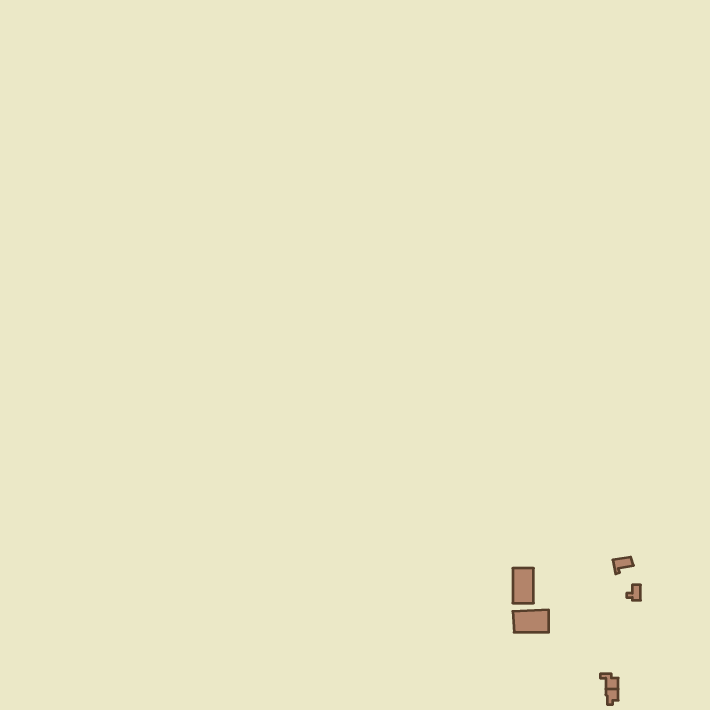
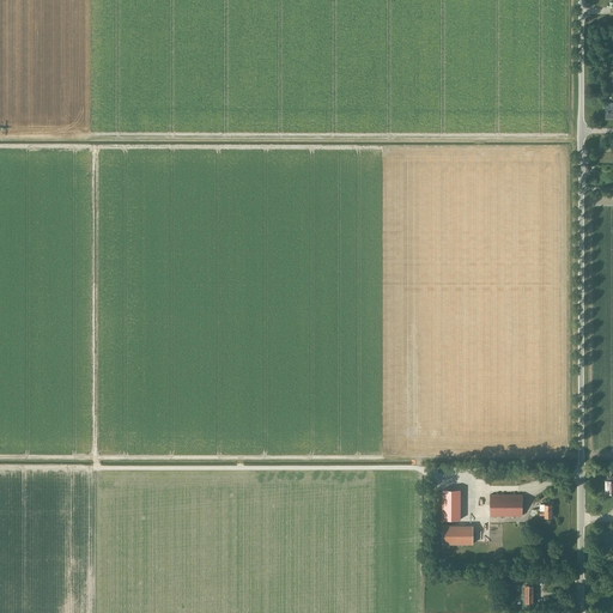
building: none -> [490,494,522,516]

